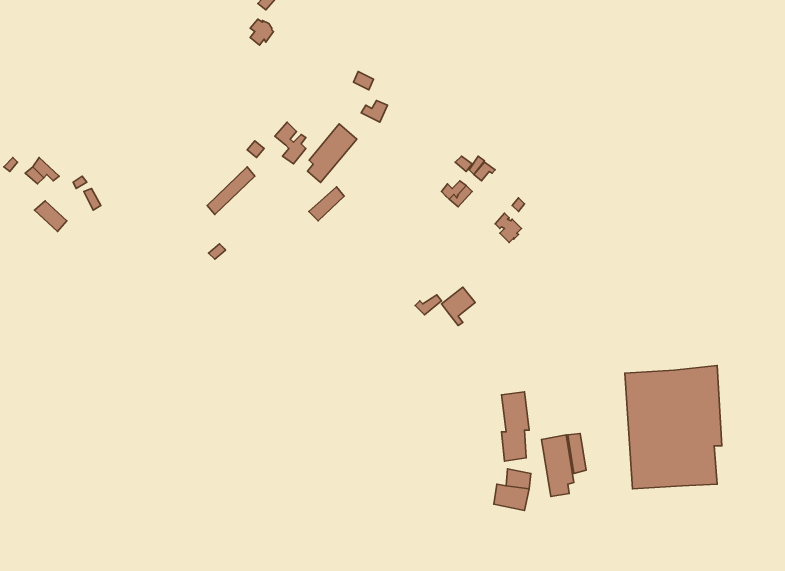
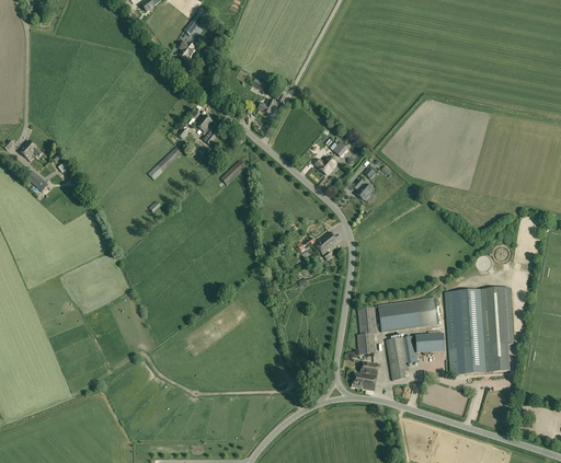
building: [307,124,357,182] -> none
building: none -> [378,297,438,331]
building: none -> [415,333,444,351]

